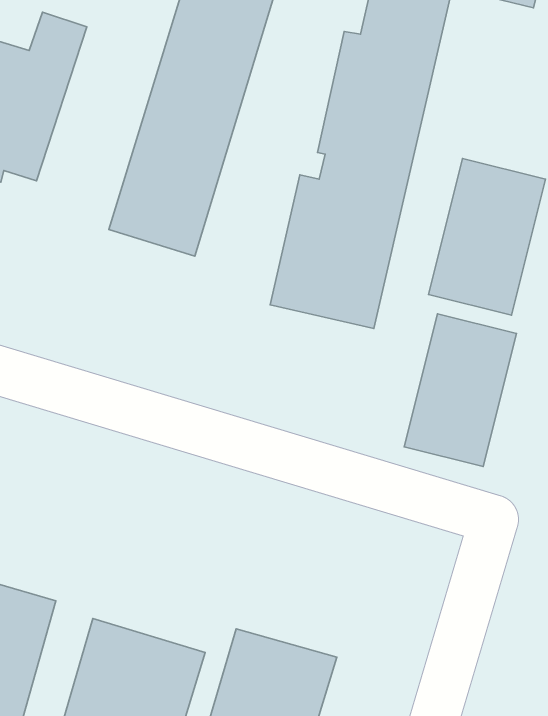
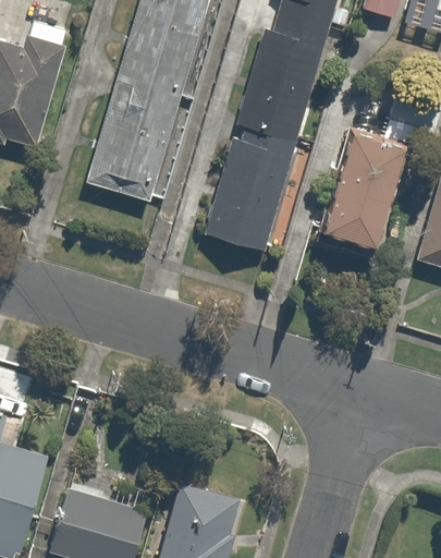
building: [404,314,516,467] -> none

